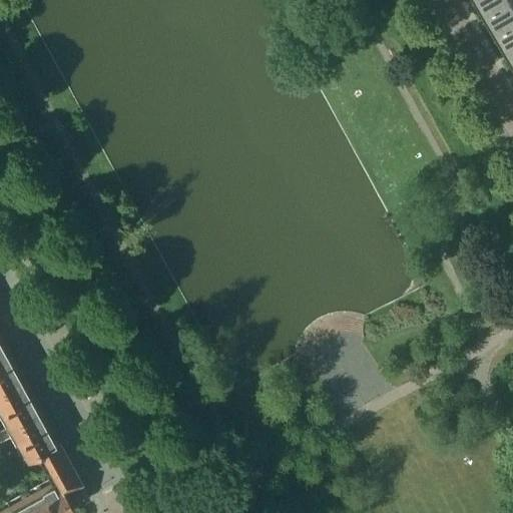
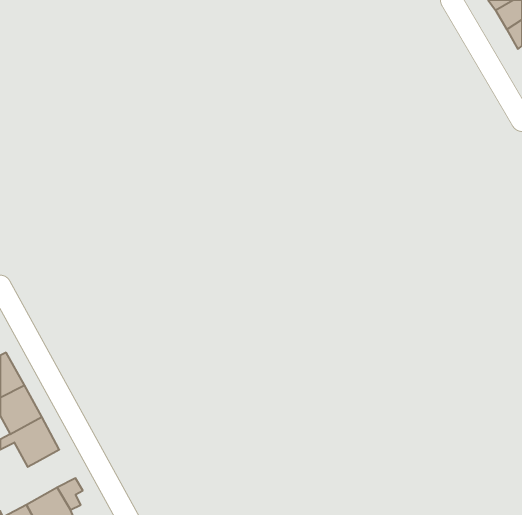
building: [36,448,74,489] -> none

